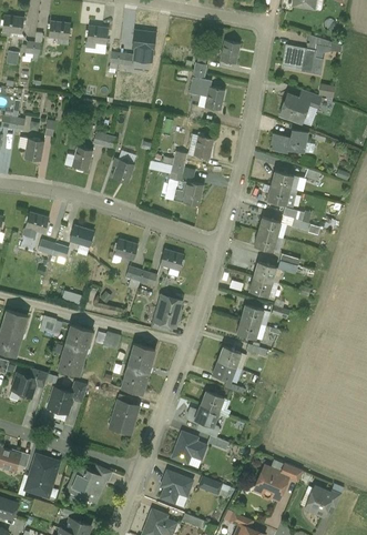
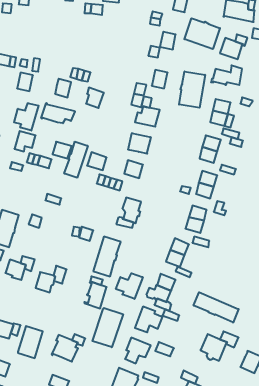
building: none -> [184,18,220,49]
building: none -> [179,71,205,108]
building: none -> [41,103,75,123]
building: none -> [14,103,39,131]
building: none -> [128,133,151,154]
building: none -> [64,142,88,178]
building: [58,325,92,375] -> none
building: none -> [116,273,143,299]
building: none -> [194,292,239,323]
building: none -> [92,308,123,347]

